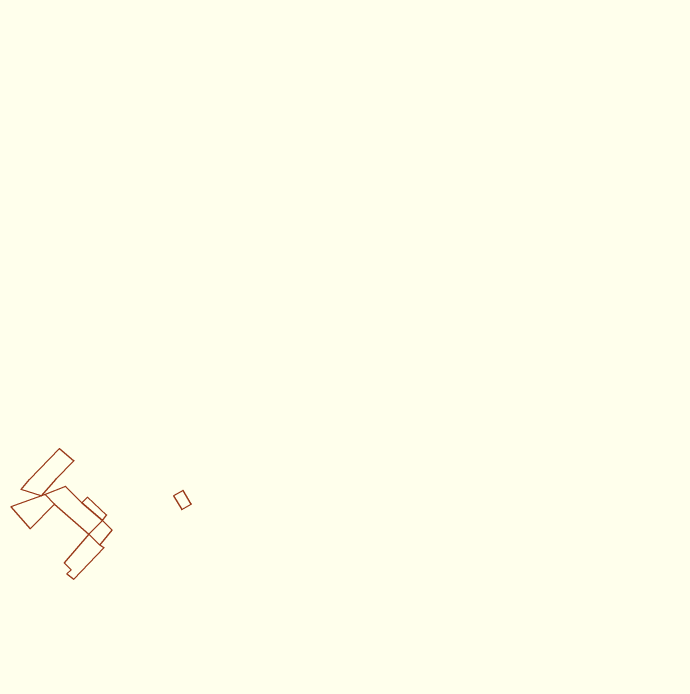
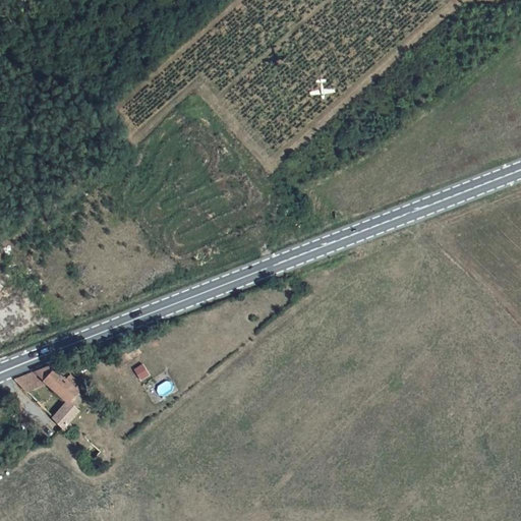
building: [21,449,74,496] -> none

